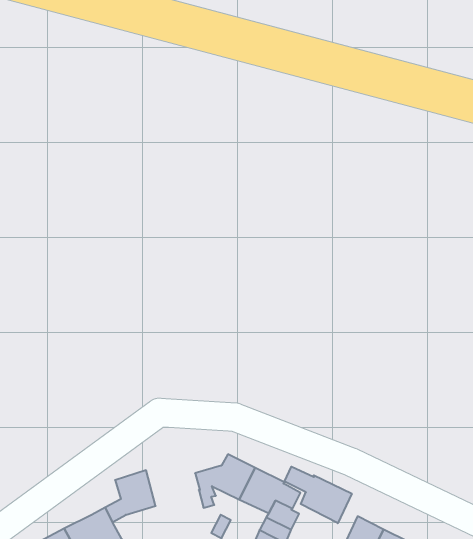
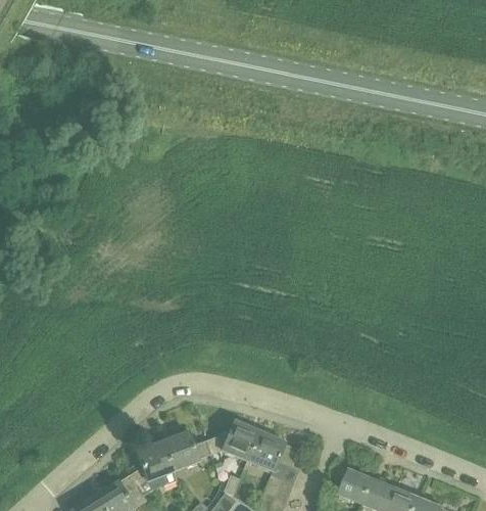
building: none -> [164,431,212,471]
building: [284,467,352,523] -> none

